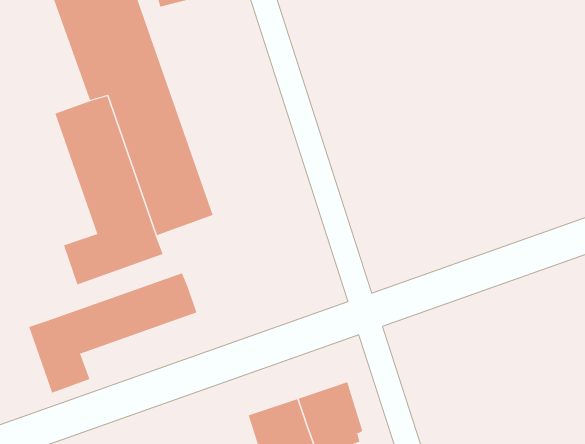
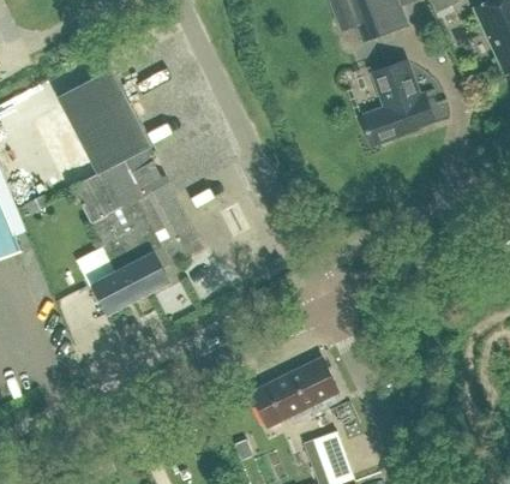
building: none -> [361,59,434,144]
building: [28,272,197,393] -> none

